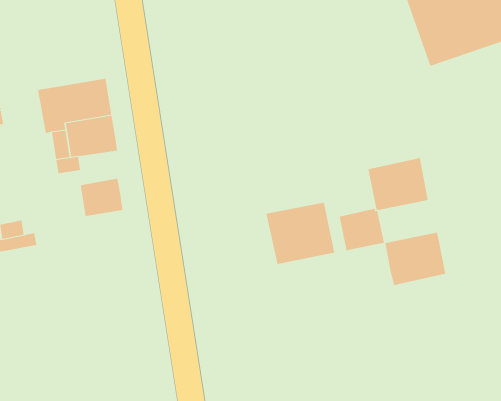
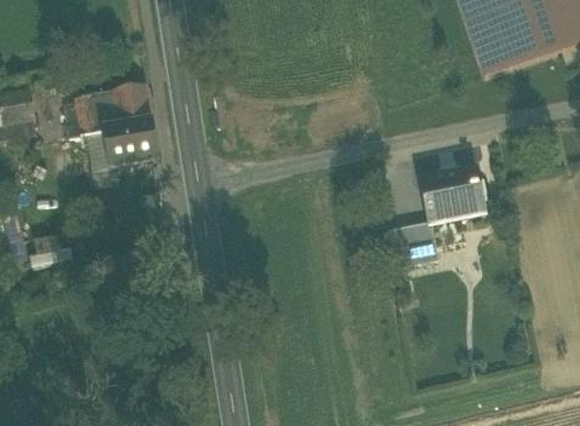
building: [80,178,123,217] -> none
building: [266,202,335,265] -> none
building: [385,232,446,286] -> none

